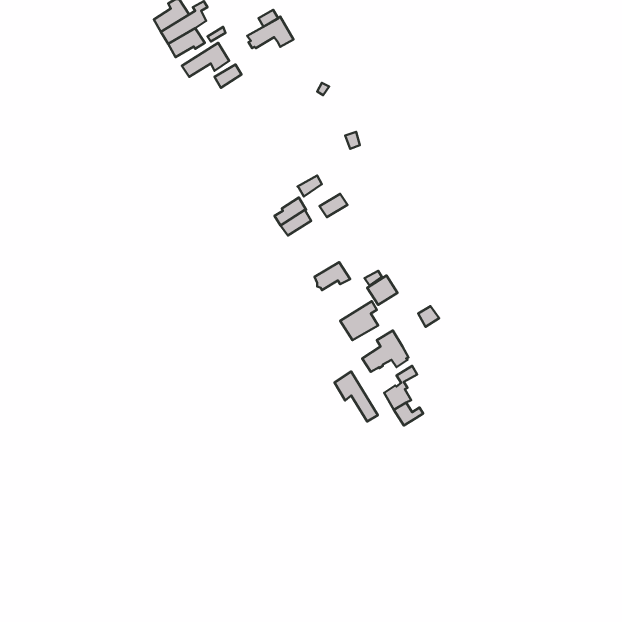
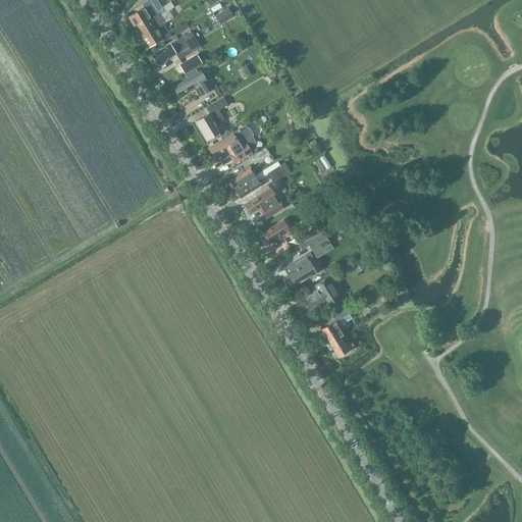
building: [247,16,294,48] -> [173,70,212,97]
building: none -> [197,96,228,140]
building: none -> [209,124,257,162]
building: none -> [245,187,285,217]
building: [335,372,378,421] -> none

